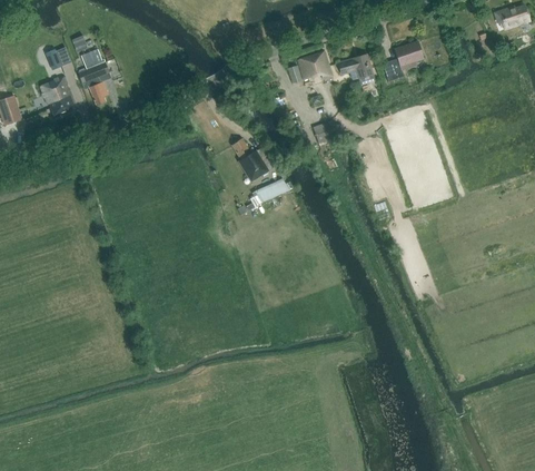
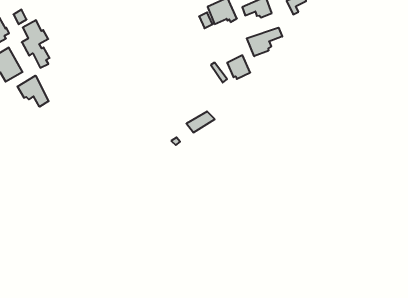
building: none -> [247,28,282,56]
building: none -> [17,76,49,107]
building: [232,138,268,180] -> none

